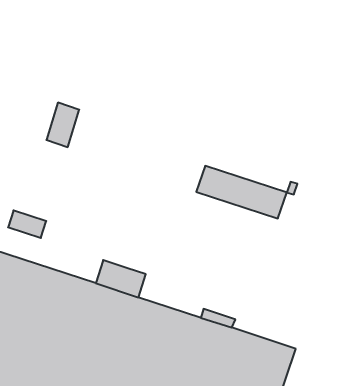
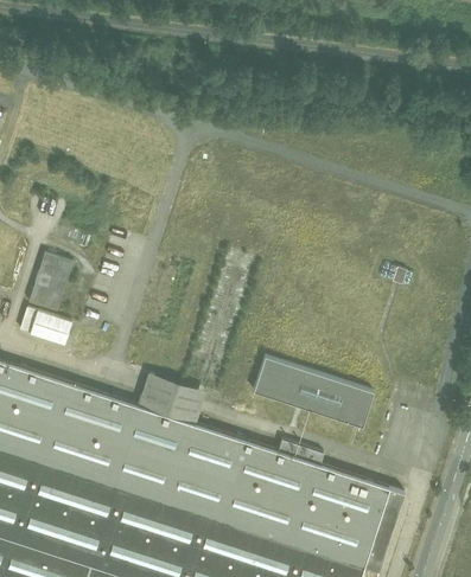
building: [46,103,79,147] -> [27,252,71,312]
building: [196,166,287,218] -> [252,357,373,427]

